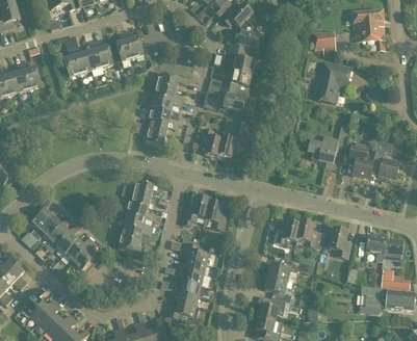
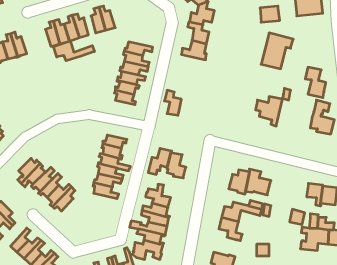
building: none -> [53,41,94,61]
building: [217,86,249,111] -> none
building: [217,121,250,157] -> none
building: [348,142,372,178] -> [305,67,326,98]
building: [329,228,350,258] -> none
building: [258,297,285,320] -> none

